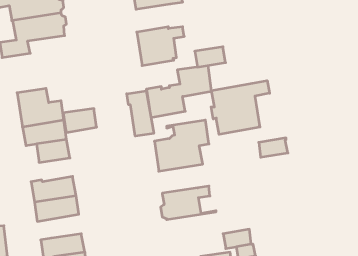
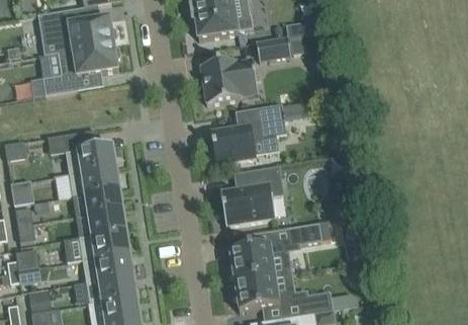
building: [195,47,226,67] -> [256,36,291,60]
building: [211,81,270,134] -> none
building: [127,91,154,136] -> none
building: [63,109,97,132] -> [88,210,126,237]
building: [259,138,288,157] -> [288,222,321,244]
building: none -> [230,271,292,310]
building: none -> [86,274,136,304]

